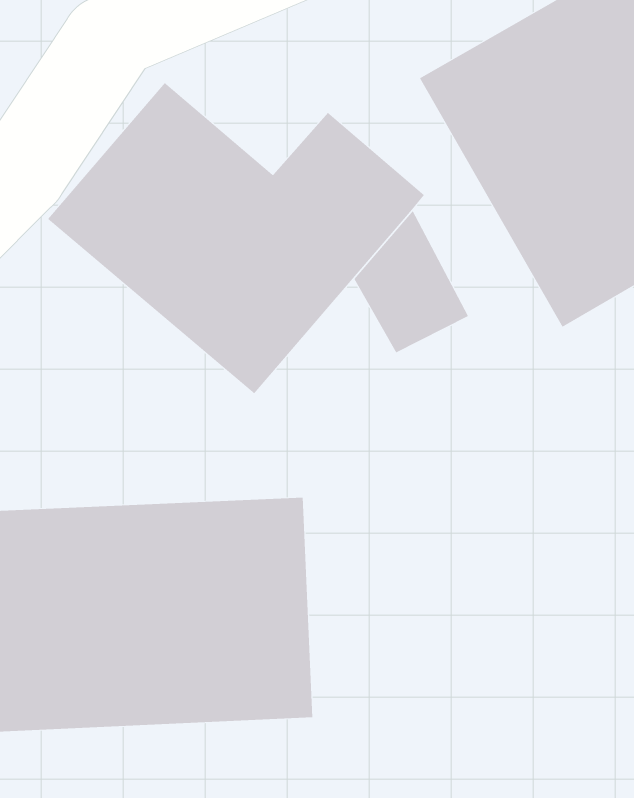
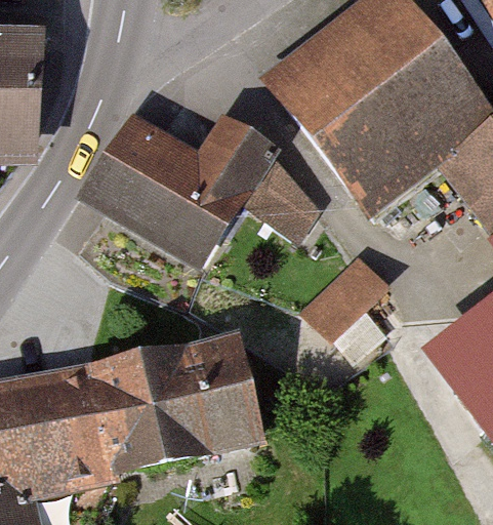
building: none -> [295,264,389,357]

